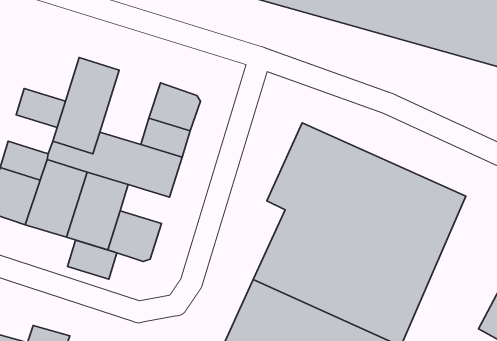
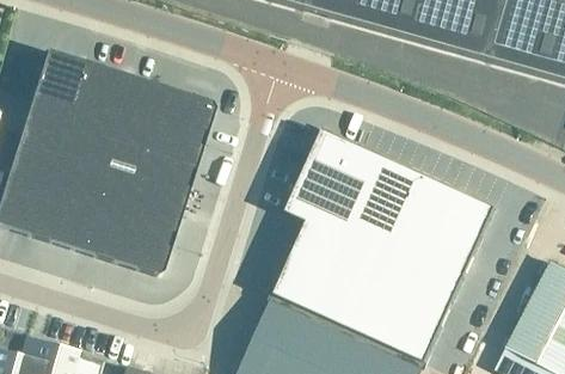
building: none -> [31,48,88,106]
building: none -> [110,74,173,152]
building: none -> [14,121,66,161]
building: [68,240,117,279] -> [131,194,183,234]

